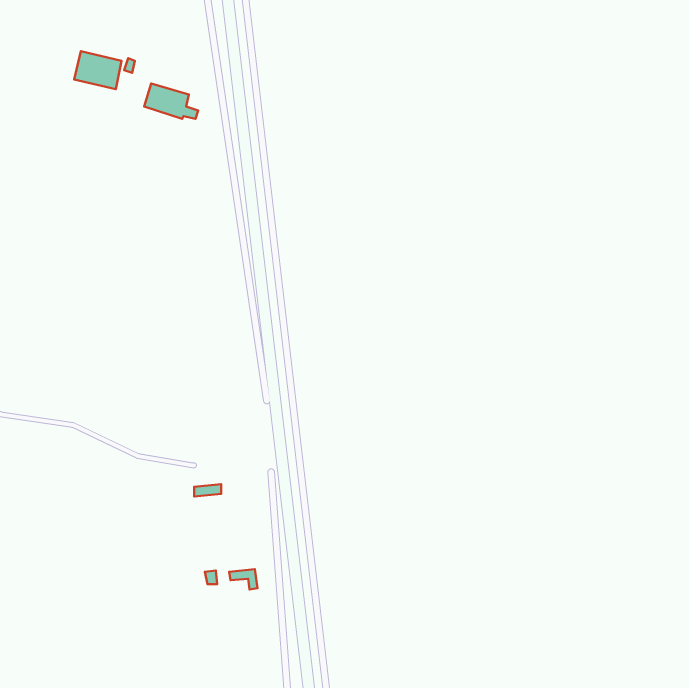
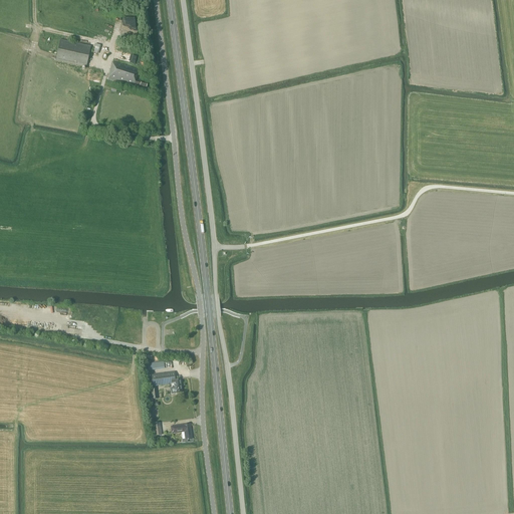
building: none -> [152,371,182,393]

